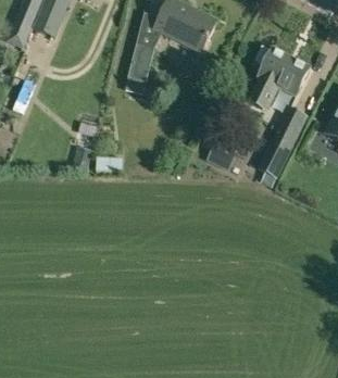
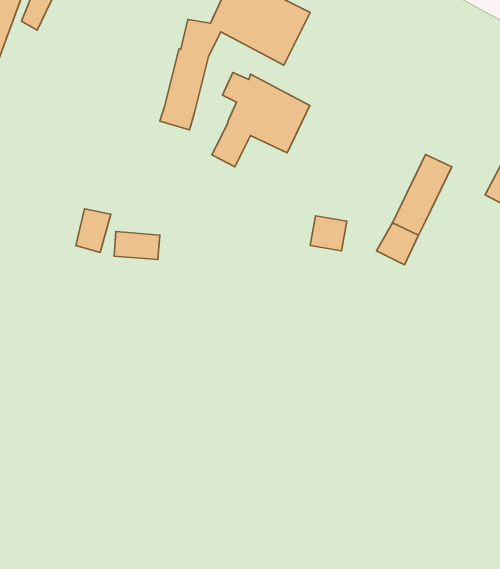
building: [249,46,310,104] -> [212,72,310,167]

